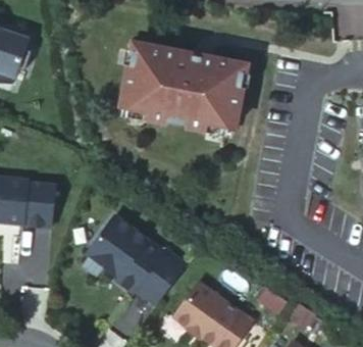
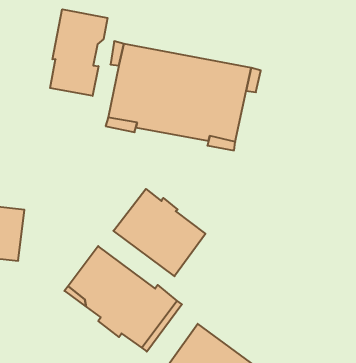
building: none -> [50,9,108,96]
building: none -> [113,189,205,276]

